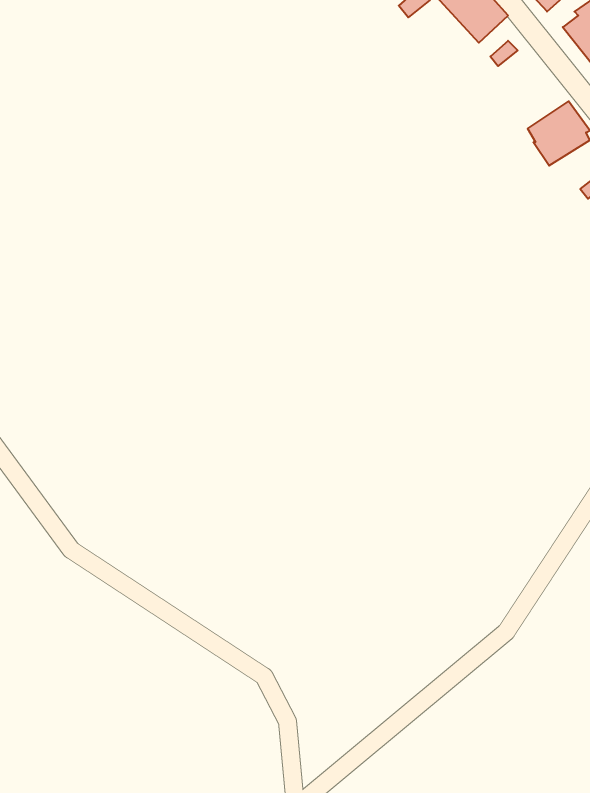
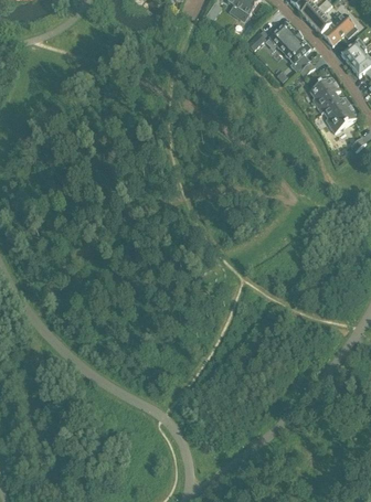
building: none -> [310,77,341,114]

